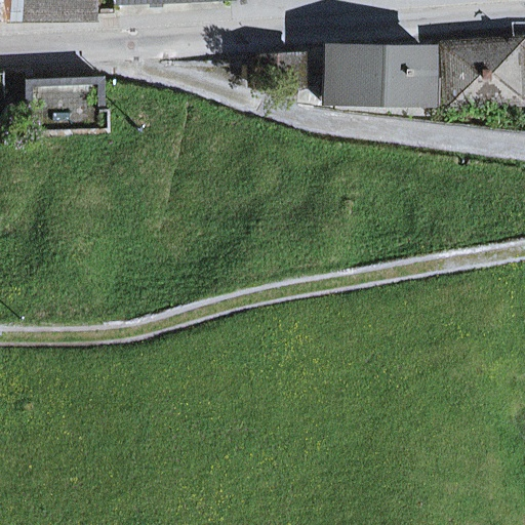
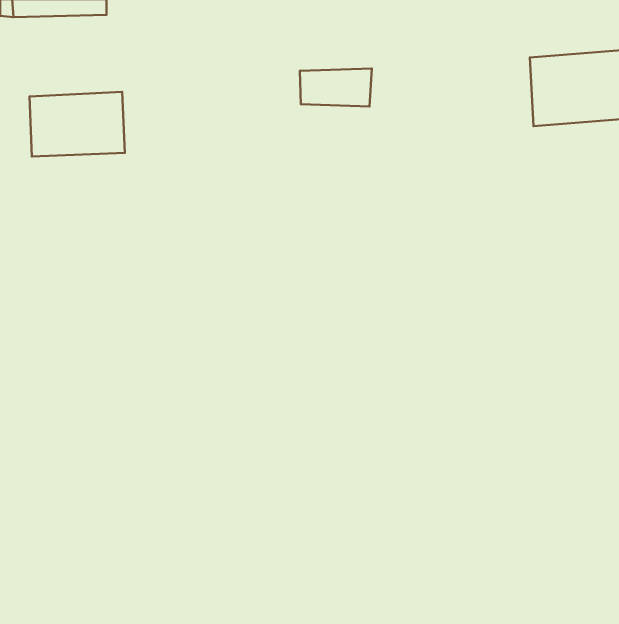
building: [337,50,442,104] -> none

